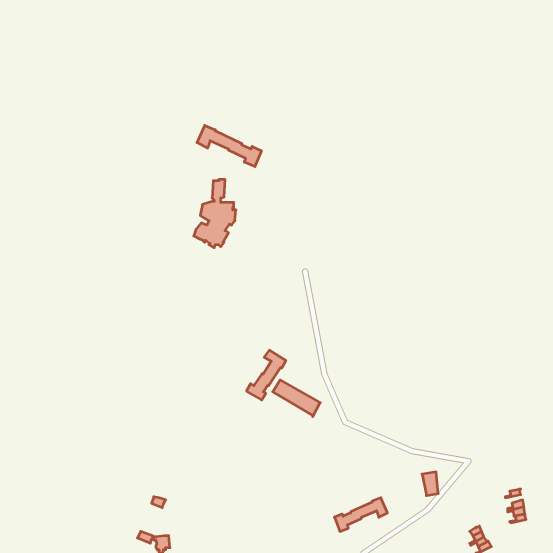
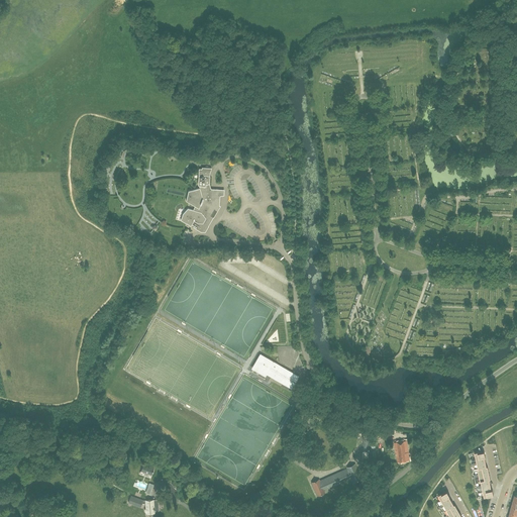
building: [197,125,261,167] -> none
building: [247,350,286,400] -> none

